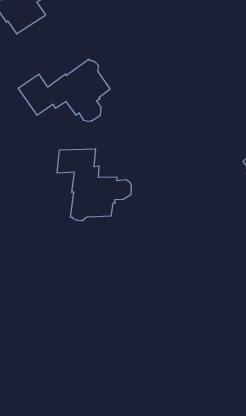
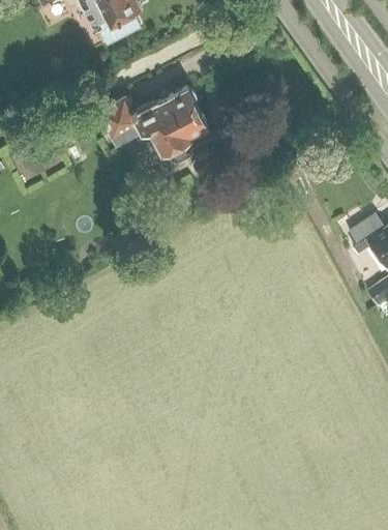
building: [57,149,131,221] -> none

